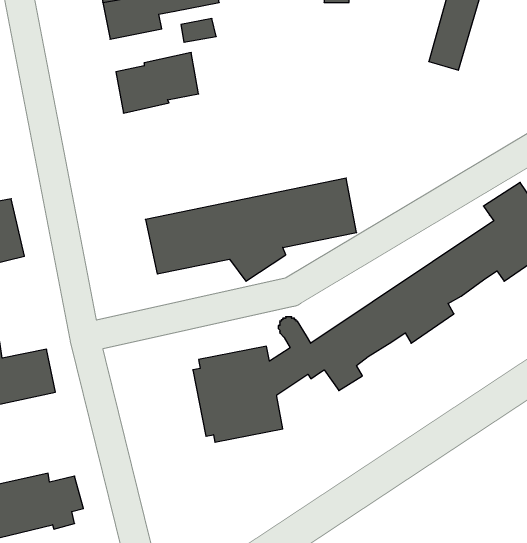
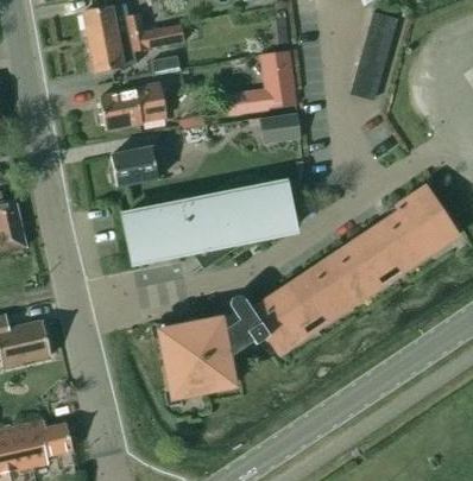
building: none -> [225,50,297,113]
building: none -> [259,113,299,143]
building: none -> [112,146,168,186]

